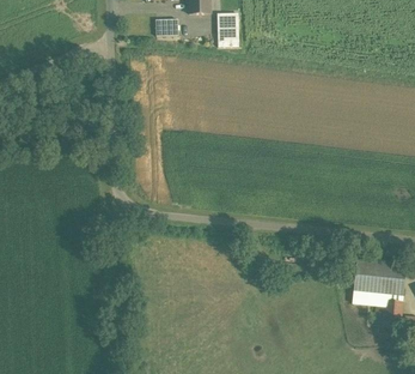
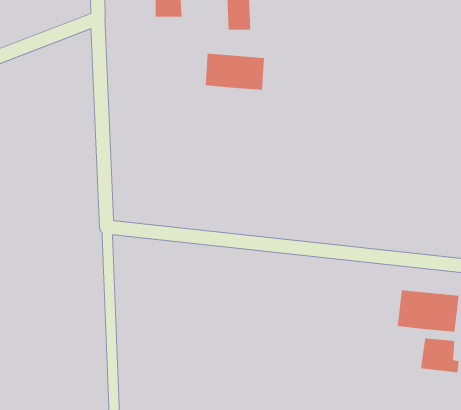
building: none -> [205,53,265,90]

